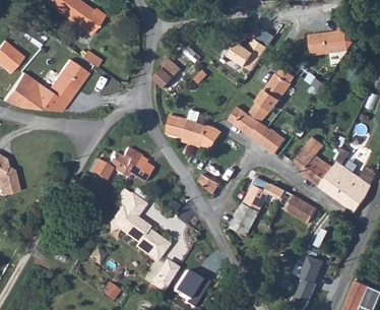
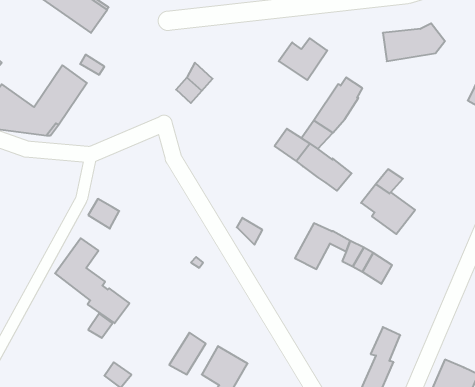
building: [167,115,216,144] -> none
building: [320,146,372,210] -> none
building: [107,147,141,177] -> none
building: [111,195,167,259] -> [55,238,129,323]
building: [232,203,260,235] -> none

